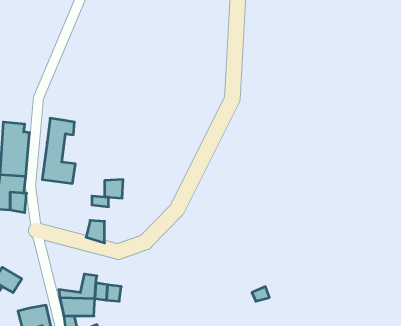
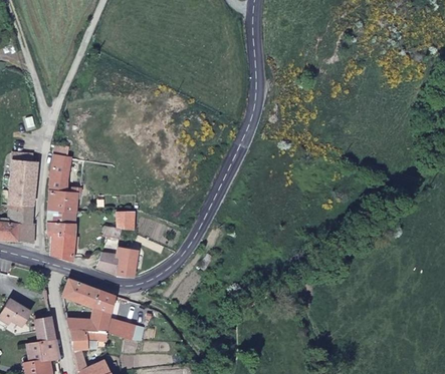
building: none -> [46,222,76,262]
building: none -> [116,247,139,276]
building: none -> [64,278,110,309]
building: none -> [32,312,55,342]

